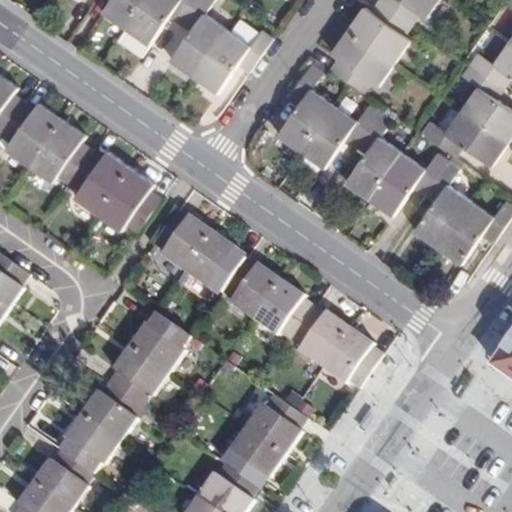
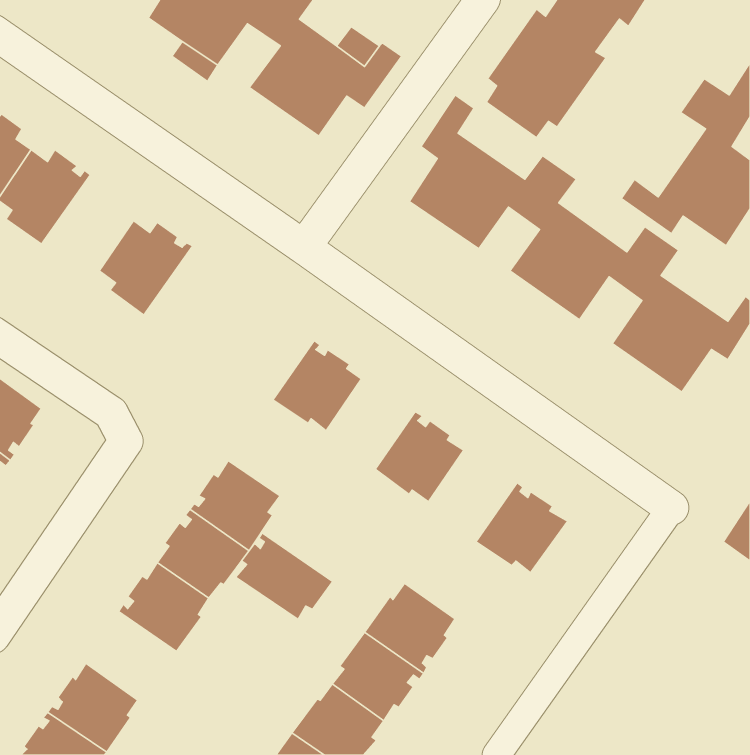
building: [28,118,90,183] -> none
building: [97,166,159,231] -> none
building: [151,208,212,270] -> none
building: [220,256,280,317] -> none
building: [289,304,349,366] -> none
building: none -> [236,533,333,620]
building: [58,413,119,473] -> none

